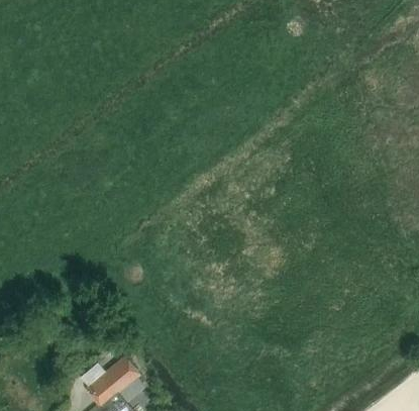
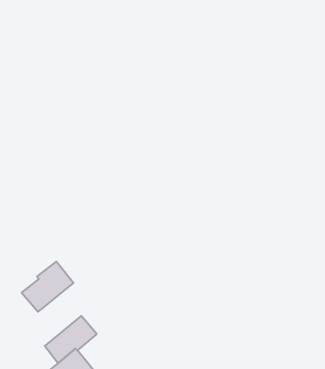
building: none -> [22,262,73,312]

